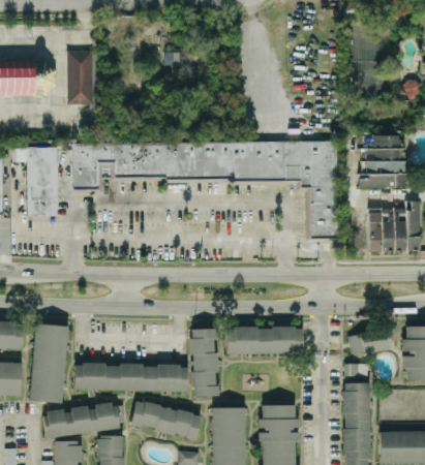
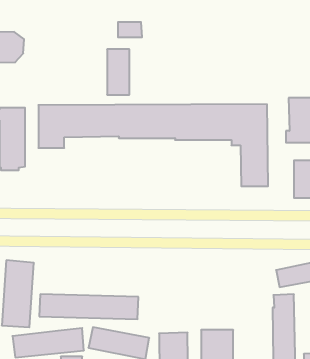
building: [67,51,93,103] -> [107,49,129,95]
building: [226,326,303,354] -> none
building: [191,329,218,396] -> none

